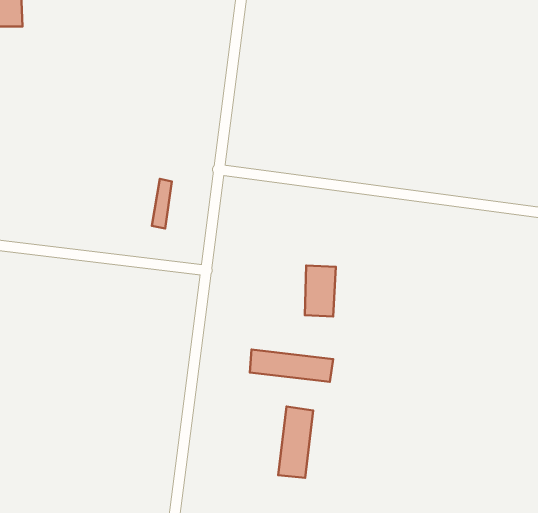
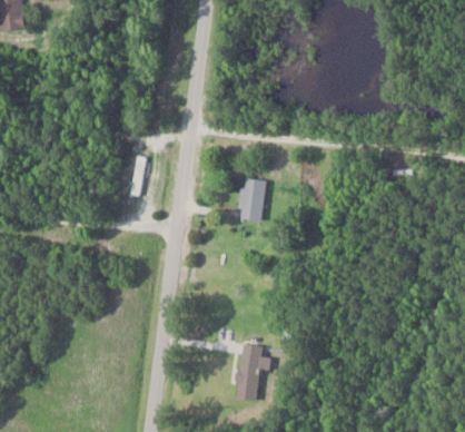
building: [305,265,336,317] -> [239,177,265,219]
building: [250,350,333,382] -> none

